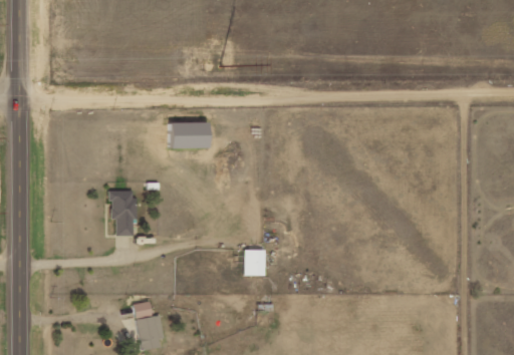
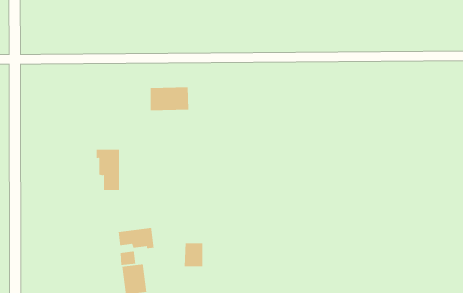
building: [244,250,265,276] -> [184,243,203,267]
building: none -> [118,227,154,249]

